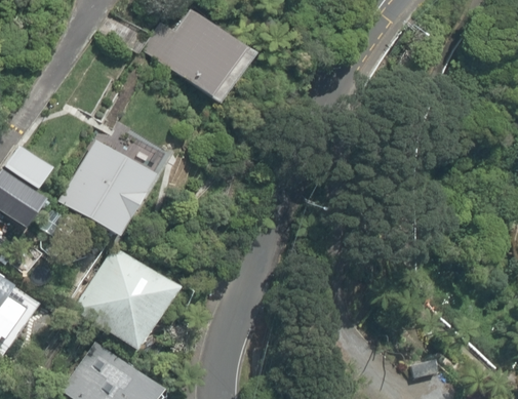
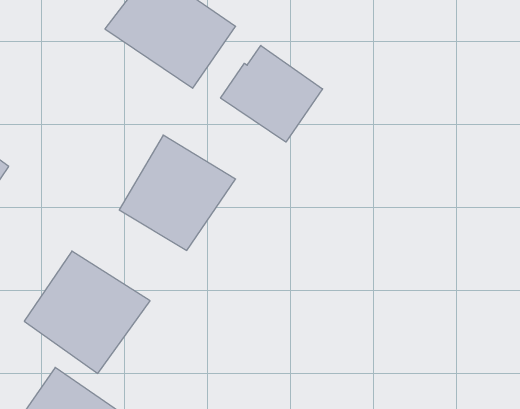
building: none -> [221,45,323,142]
building: [53,134,154,234] -> [119,135,236,250]

